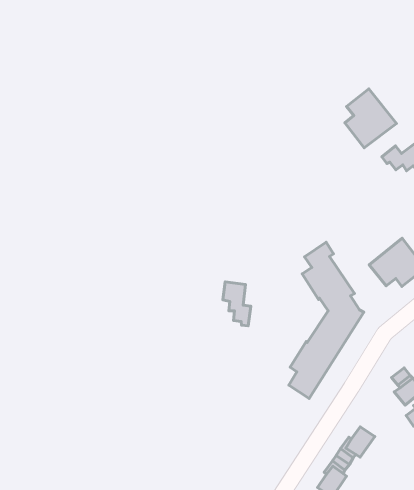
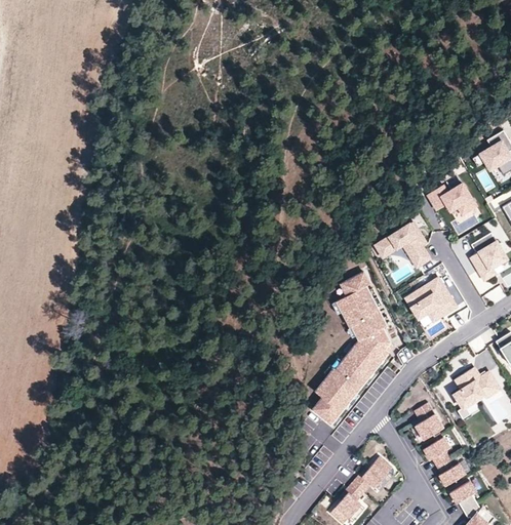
building: [345,89,396,148] -> none
building: none -> [376,221,430,267]
building: [223,282,251,326] -> none

